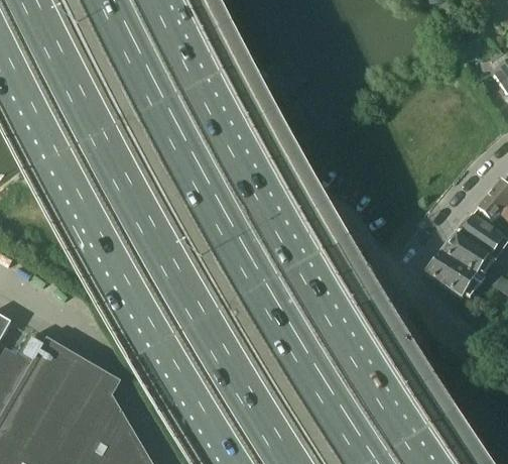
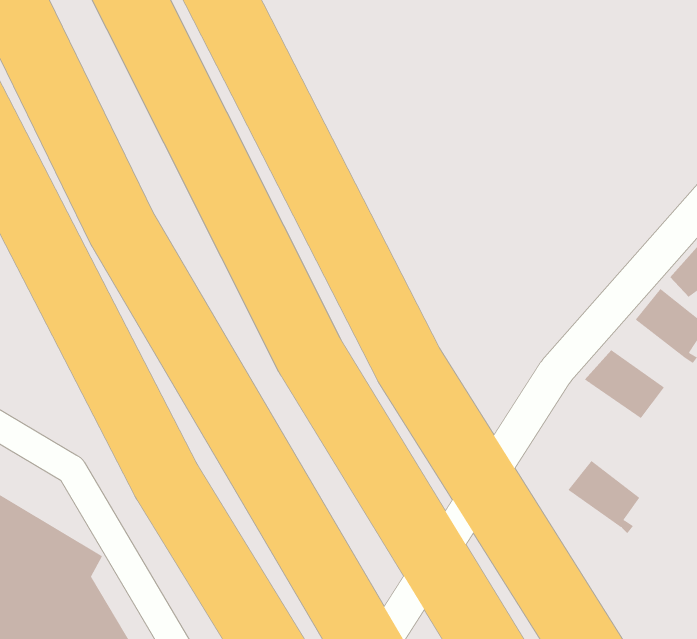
building: [440,233,487,280] -> [568,460,640,534]

